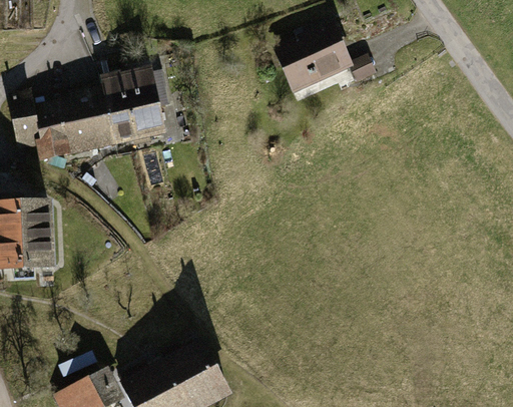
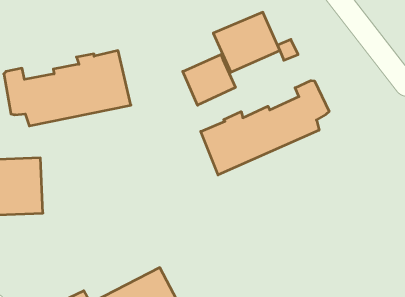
building: none -> [183,55,235,105]
building: none -> [201,81,329,175]

